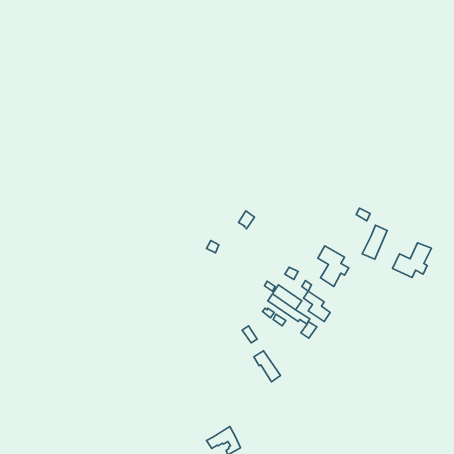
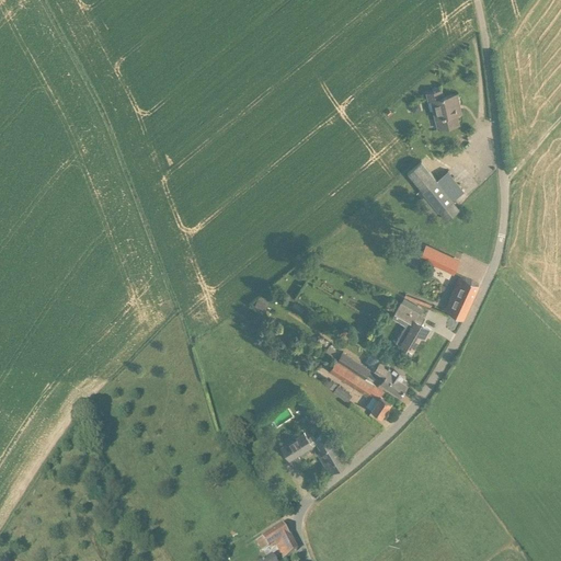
building: none -> [426,90,460,131]
building: none -> [404,163,462,213]
building: [393,243,432,278] -> none
building: none -> [280,434,311,467]

